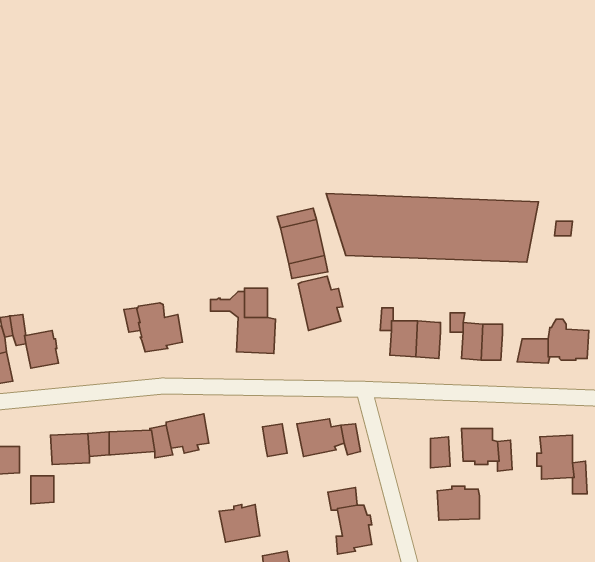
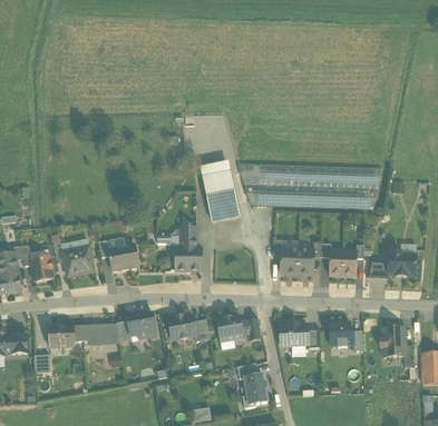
building: [298,276,343,330] -> none
building: none -> [61,247,96,277]
building: [437,486,480,520] -> [279,323,308,346]
building: [219,505,260,542] -> [167,315,195,340]

